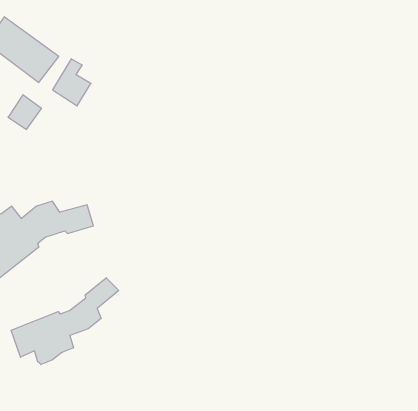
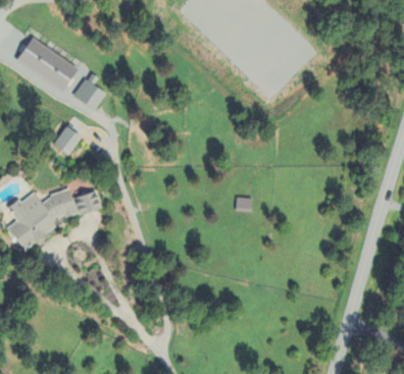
building: [8,95,41,129] -> [54,124,82,153]
building: [11,278,119,365] -> none

